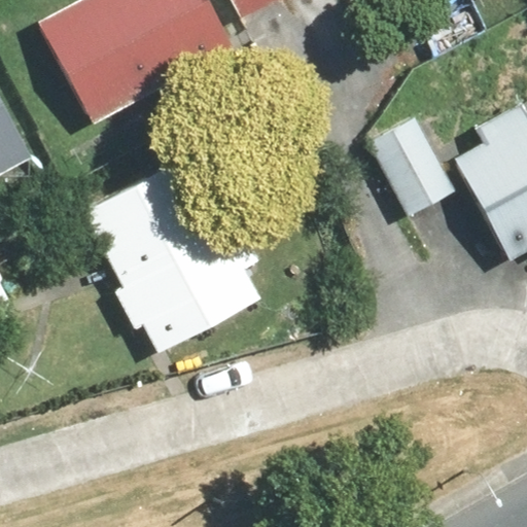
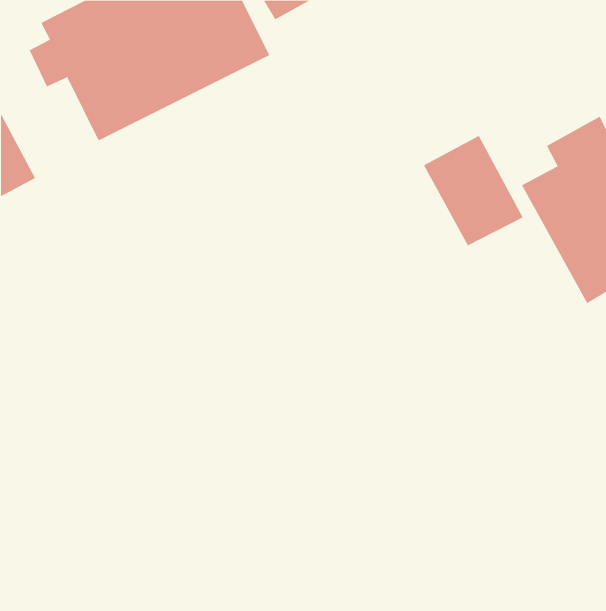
building: [84,173,276,351] -> none

